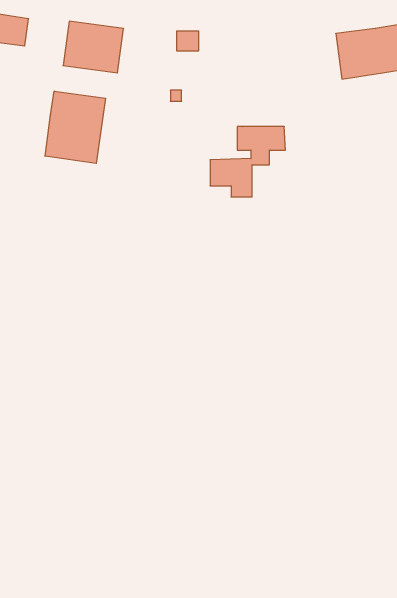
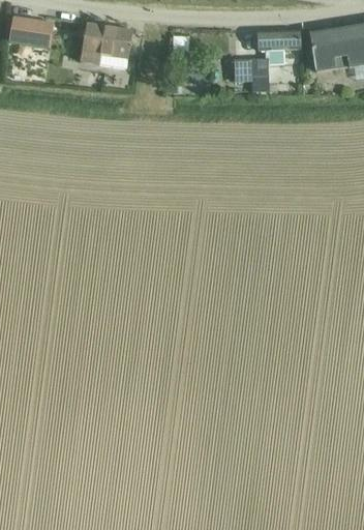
building: [45,91,106,163] -> none
building: [210,127,285,197] -> [235,30,298,89]

